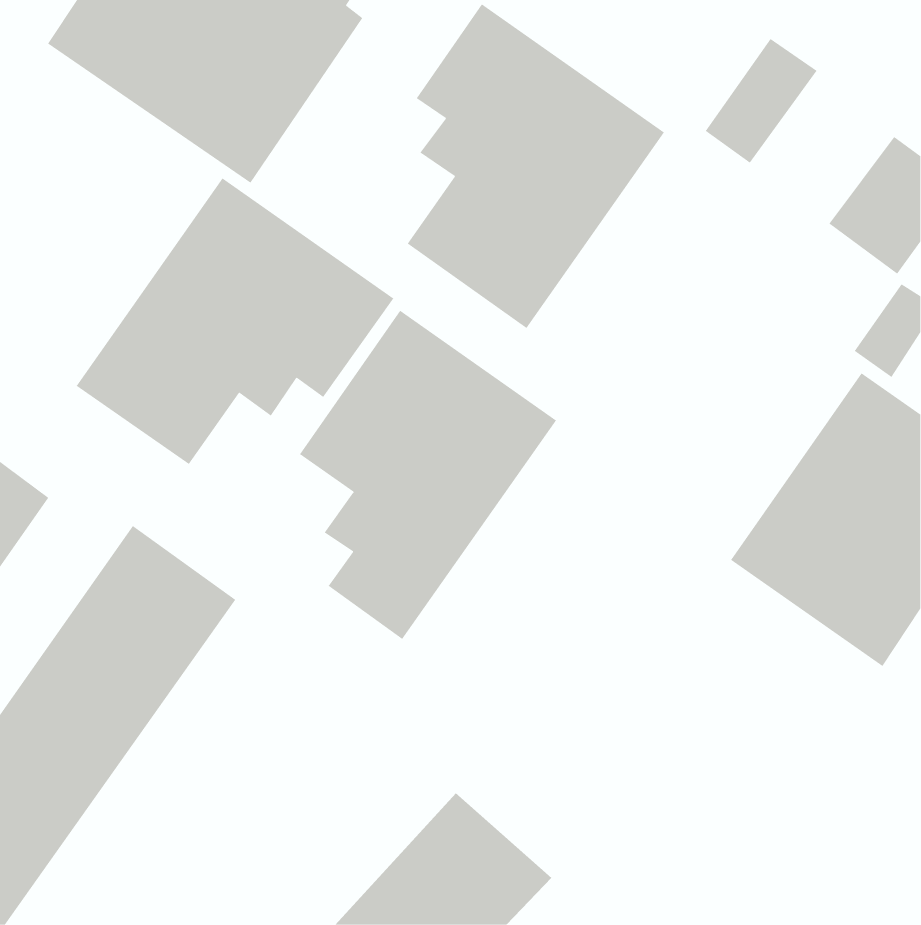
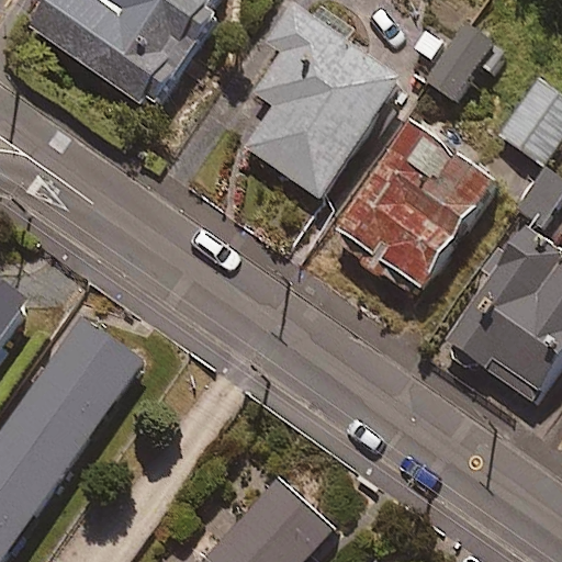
building: [76,177,394,465] -> none
building: none -> [334,122,496,291]
building: [299,310,557,640] -> none

